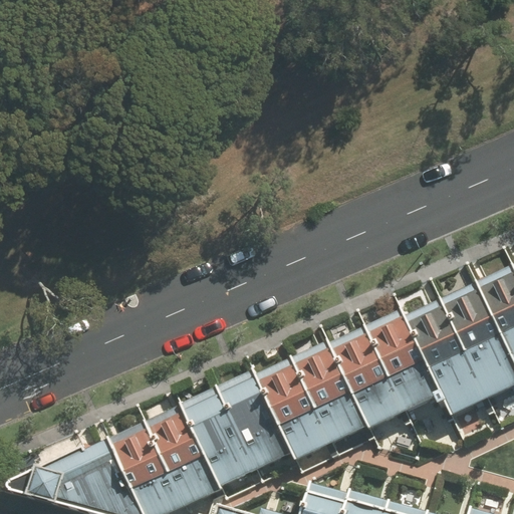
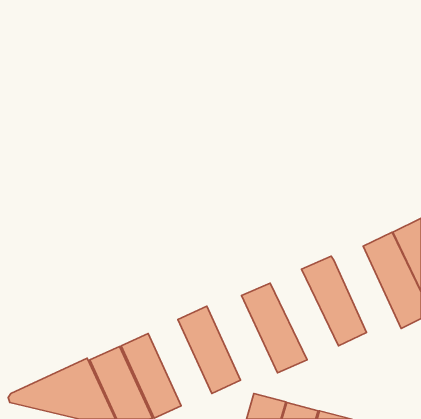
building: [410,301,489,417] -> none
building: [330,328,412,438] -> none
building: [255,360,336,472] -> none
building: [182,390,258,494] -> none

